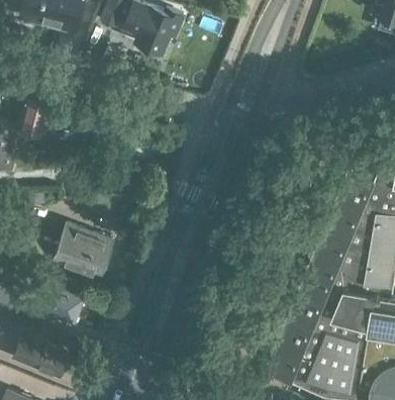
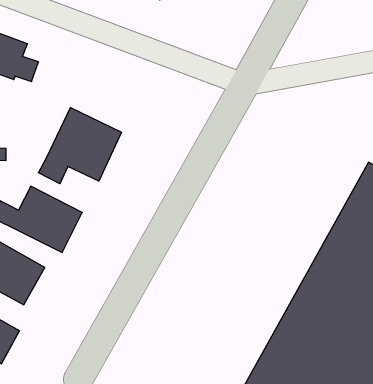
building: none -> [38,108,122,184]

